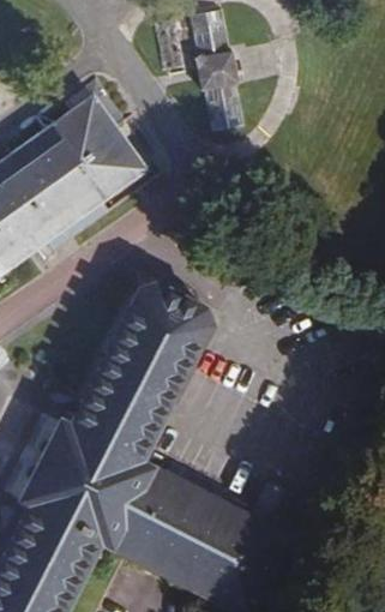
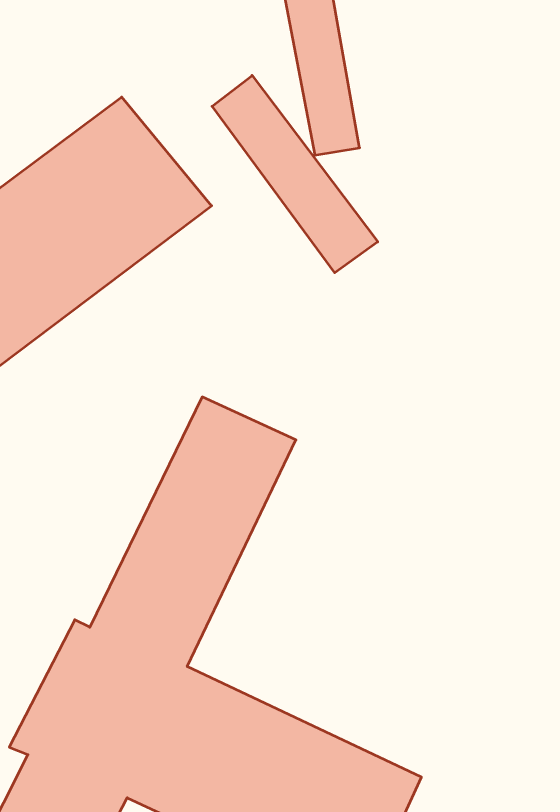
building: none -> [212,75,378,273]

